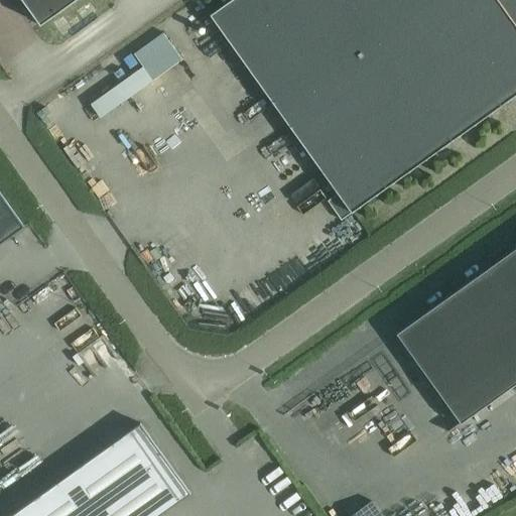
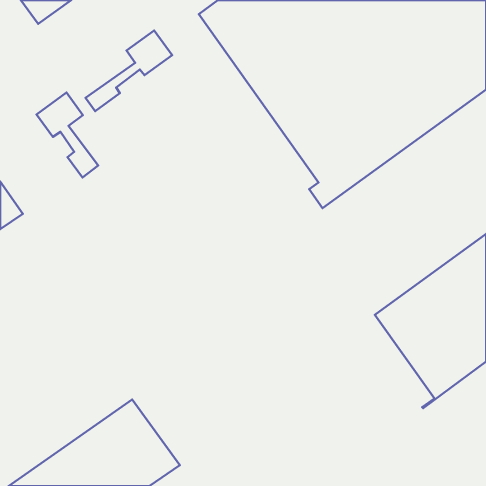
building: none -> [36,93,98,177]

